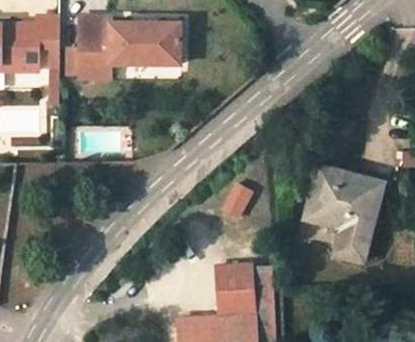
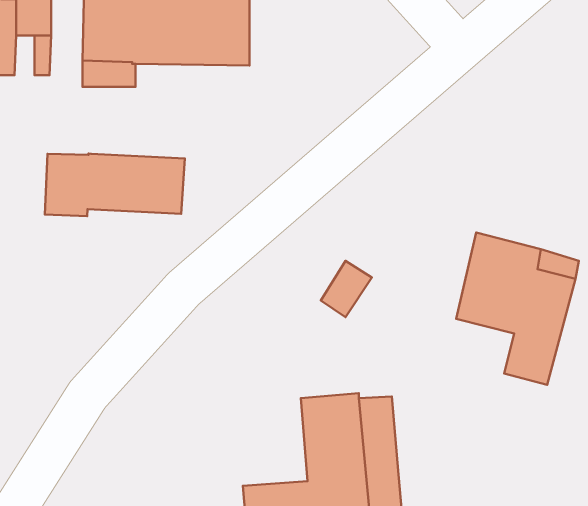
building: none -> [45,154,185,216]

